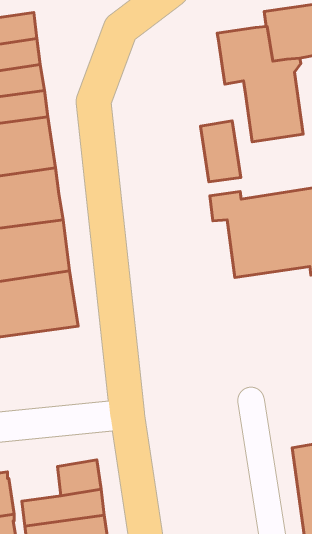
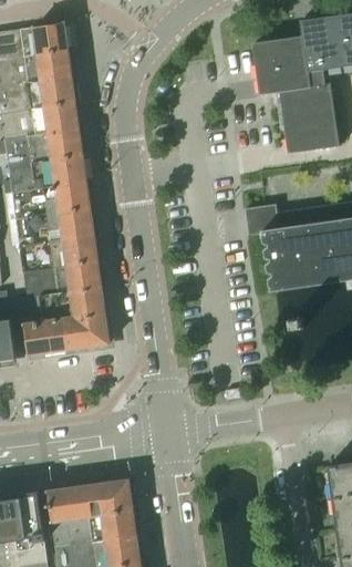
building: [201,121,241,182] -> none
building: none -> [49,486,93,522]

